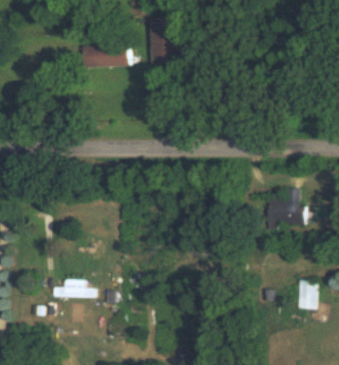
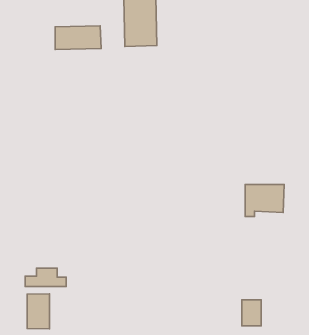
building: [299,280,318,305] -> [242,300,261,326]
building: none -> [27,294,49,329]

